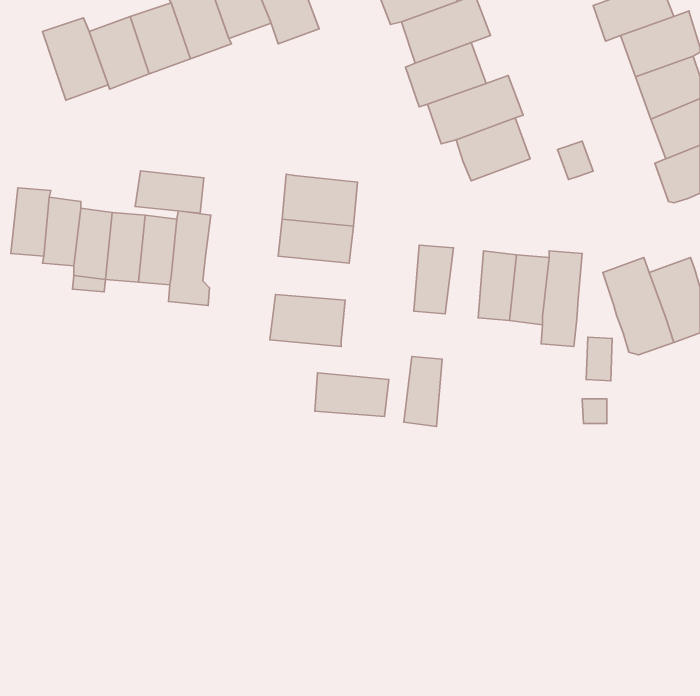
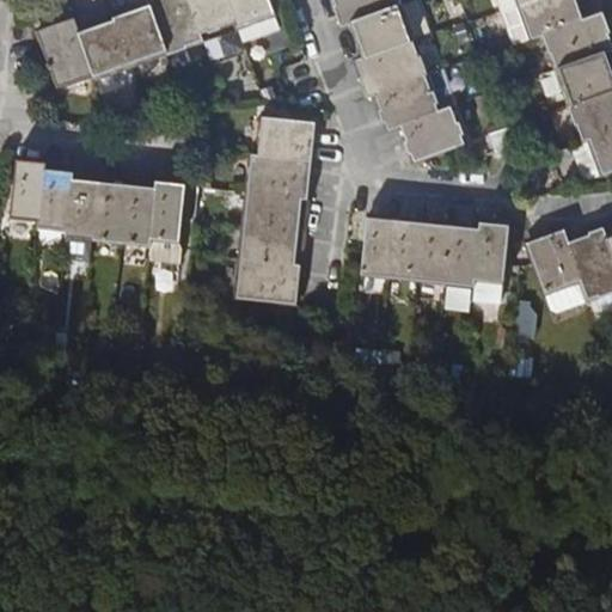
building: none -> [257,115,316,159]
building: [135,171,204,213] -> none
building: [404,357,442,426] -> [388,216,422,277]
building: [315,373,389,417] -> [240,224,305,262]

